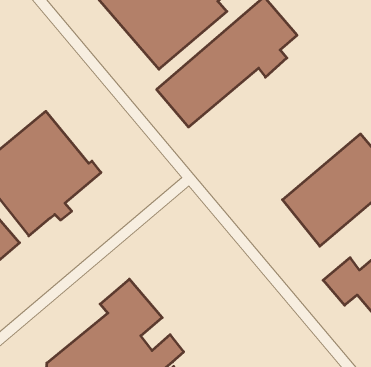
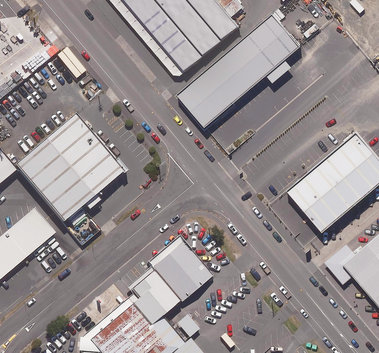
building: none -> [147,233,212,300]

